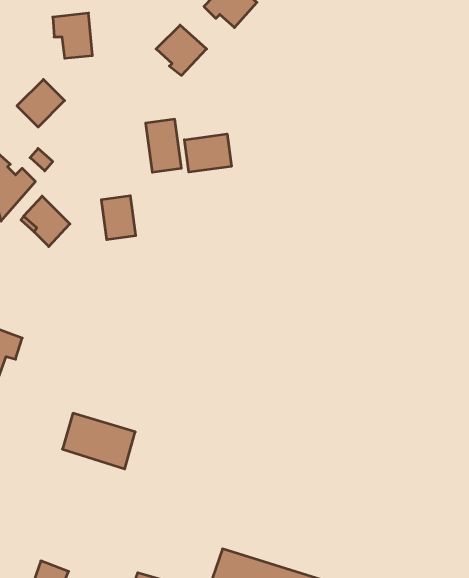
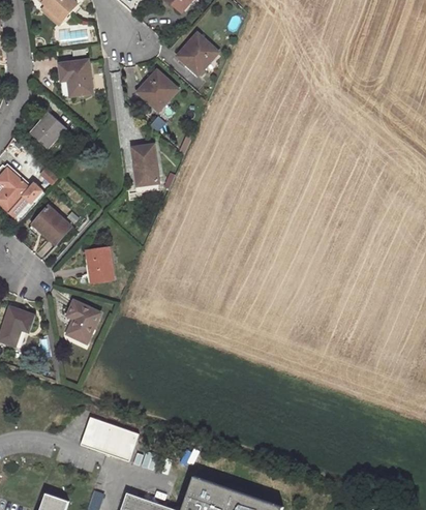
building: [184,134,231,172] -> none
building: [101,196,136,240] -> [87,243,114,277]
building: none -> [66,299,99,339]
building: [62,413,135,469] -> [79,416,135,459]

